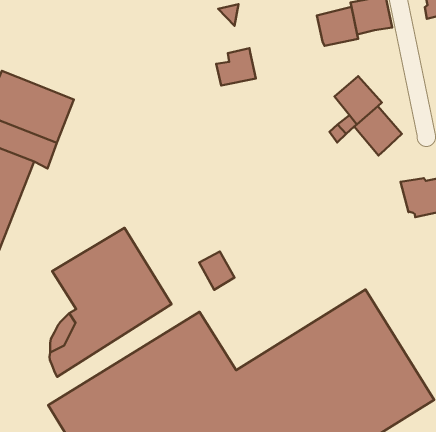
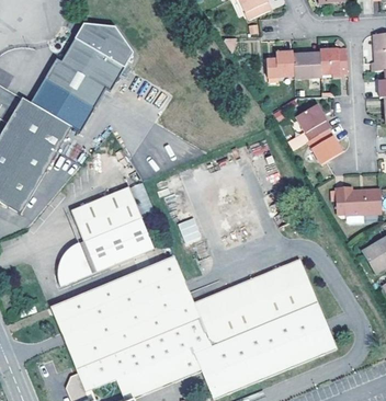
building: none -> [67,26,137,92]
building: [216,48,256,86] -> [266,50,294,75]

